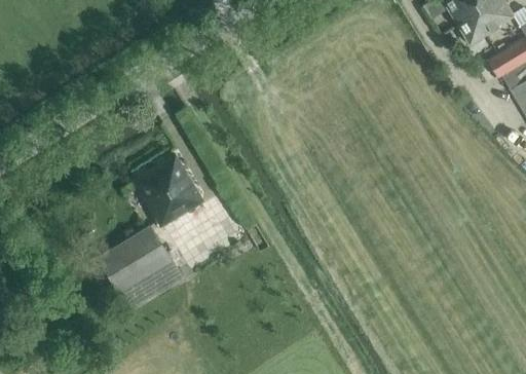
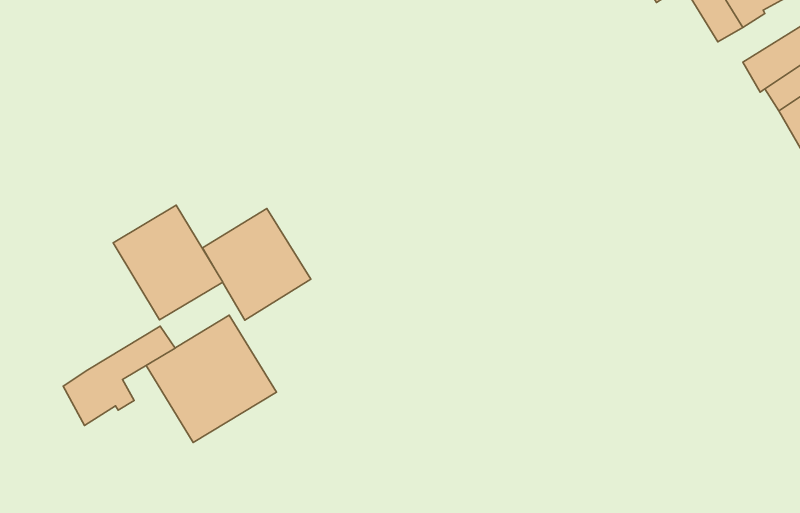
building: none -> [113,205,223,320]
building: none -> [63,326,175,426]

